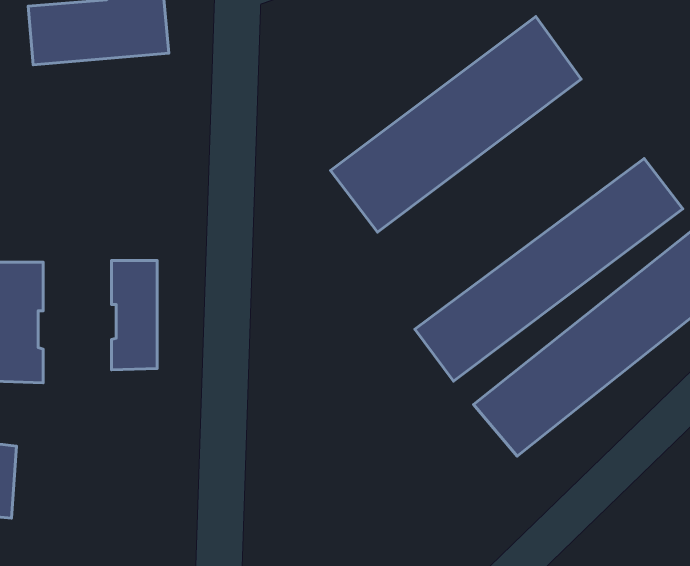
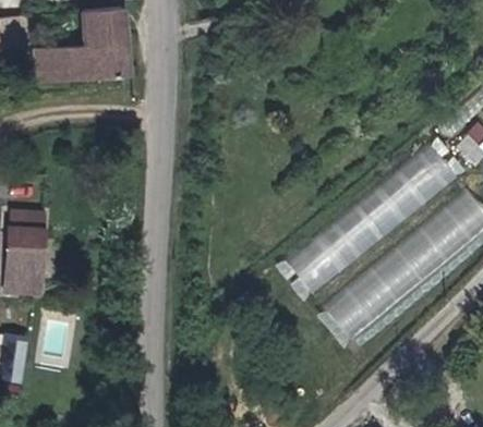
building: [331,16,581,232] -> none
building: [112,260,157,370] -> none

